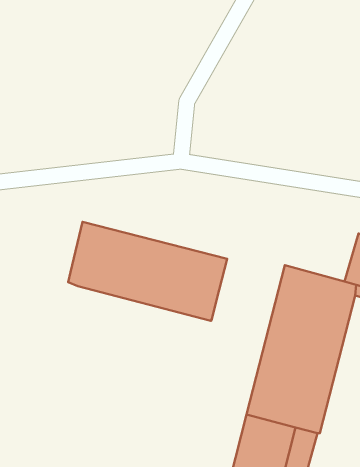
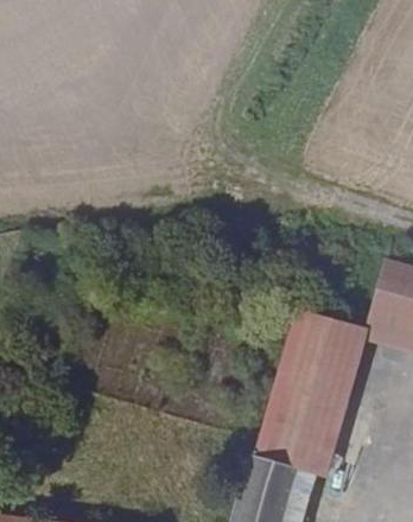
building: [68,222,227,321] -> none

